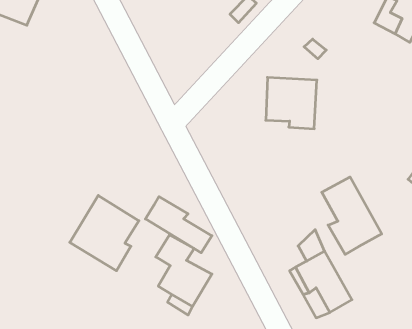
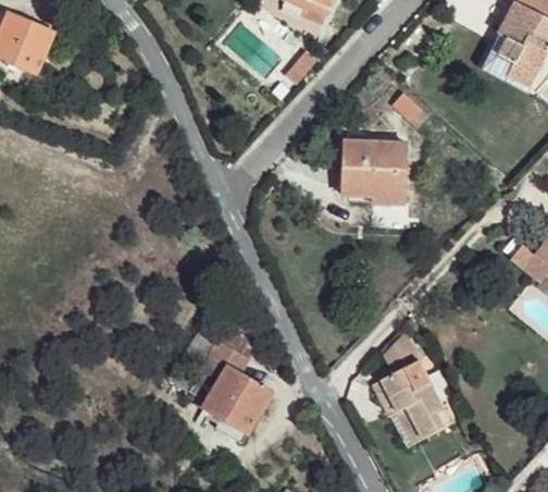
building: [322,177,382,254] -> none
building: [70,195,139,271] -> none
building: [145,197,212,253] -> none

